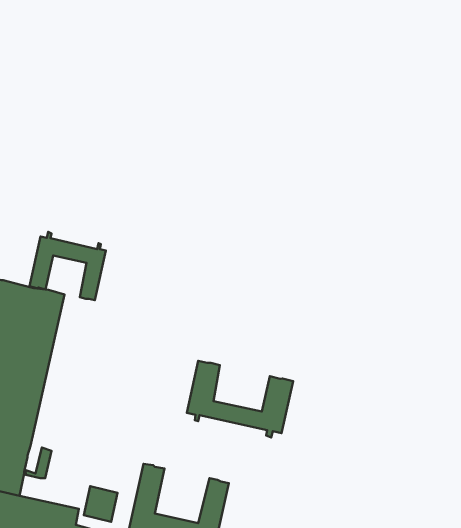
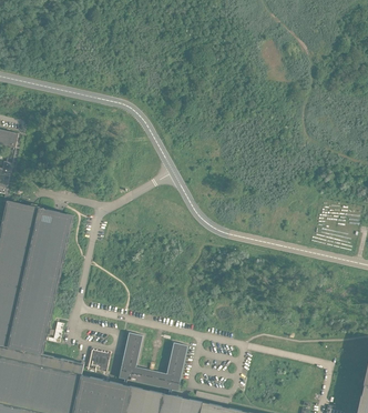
building: [30,232,106,300] -> none
building: [187,361,293,437] -> none

